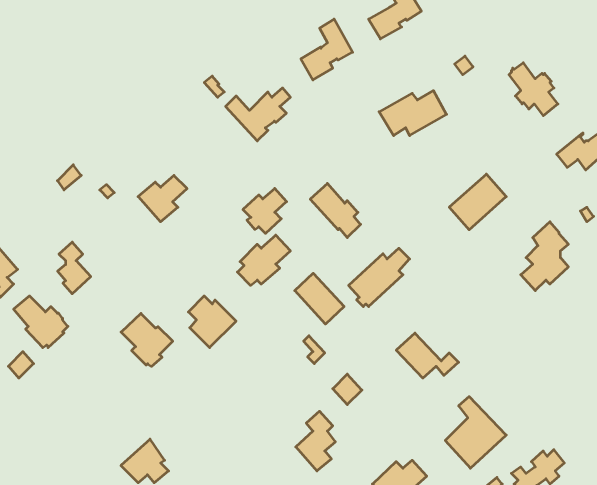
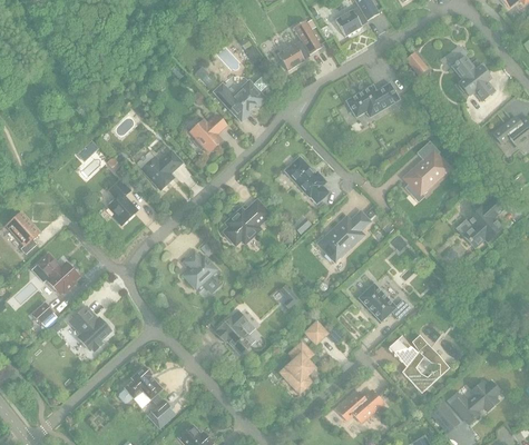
building: [243,188,287,233] -> [189,113,226,151]
building: [58,242,91,294] -> [108,180,136,224]
building: [295,273,344,324] -> none
building: [121,313,173,366] -> [67,305,110,349]
building: none -> [214,310,249,354]

